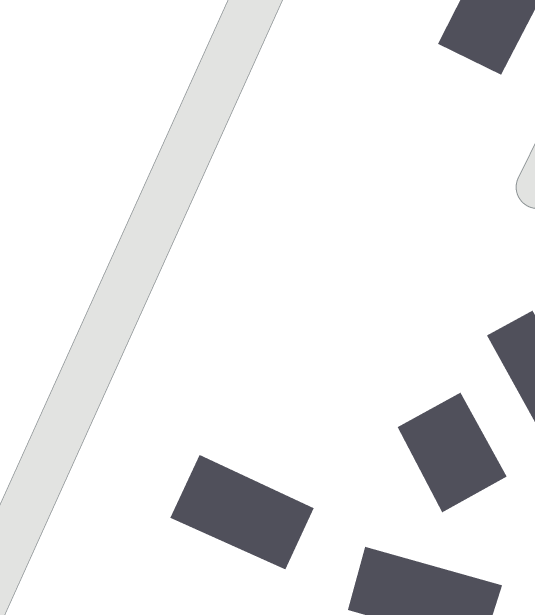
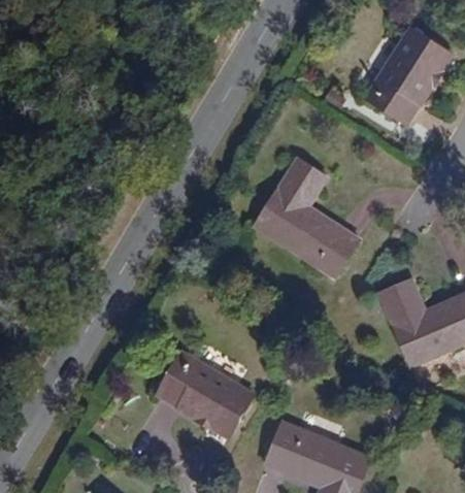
building: none -> [254,157,358,277]
building: [397,392,508,513] -> none

